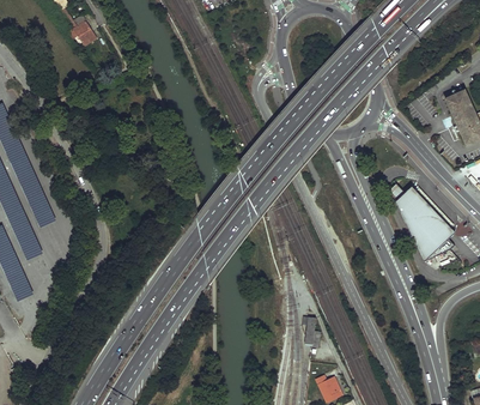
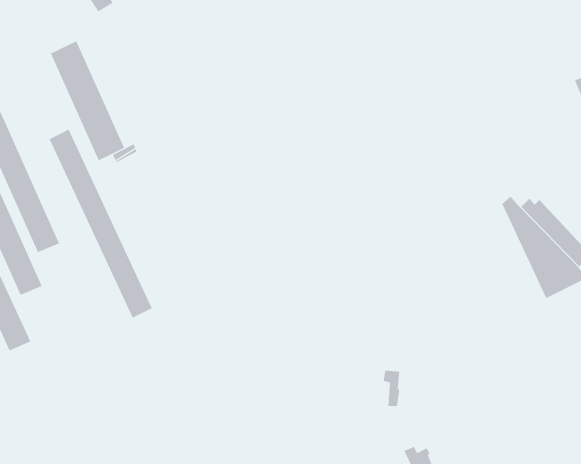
building: none -> [50,40,125,161]
building: none -> [49,129,152,318]

